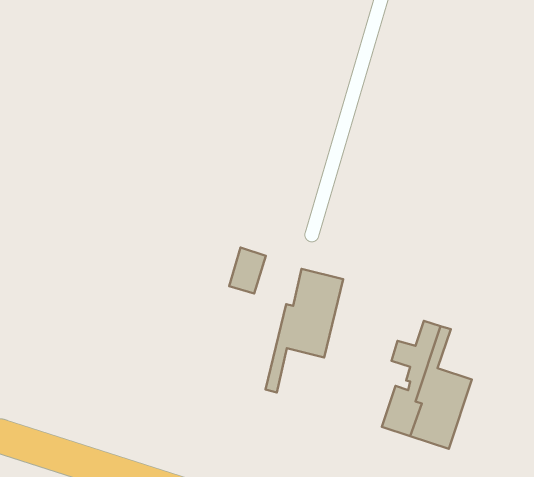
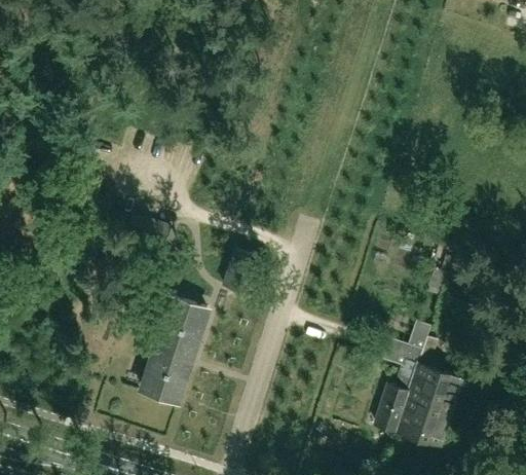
building: [266,269,343,392] -> none
building: none -> [144,297,208,402]

